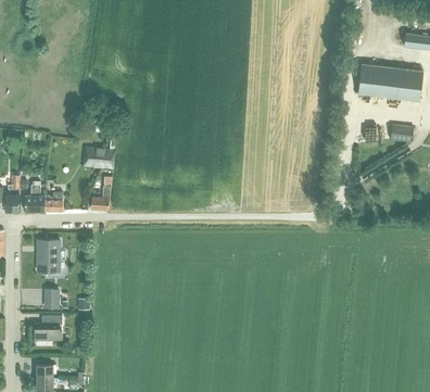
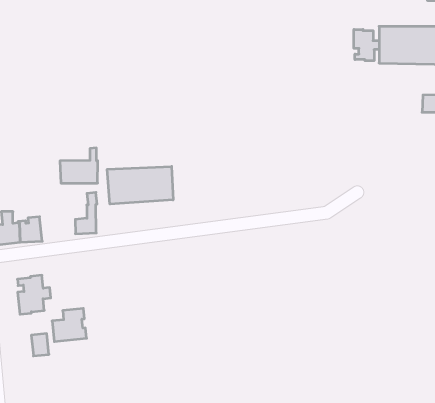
building: none -> [354,29,379,61]
building: none -> [107,166,173,204]
building: [34,316,61,341] -> [52,308,87,342]

